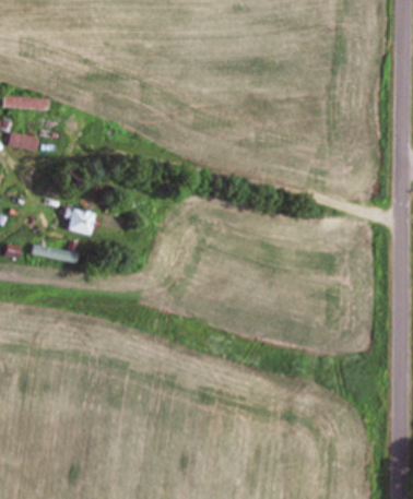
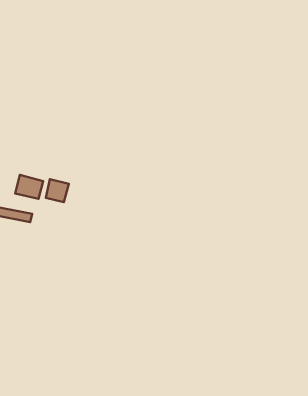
building: none -> [46,179,69,202]

